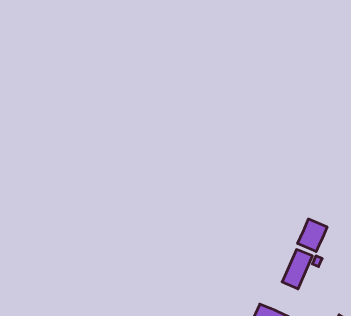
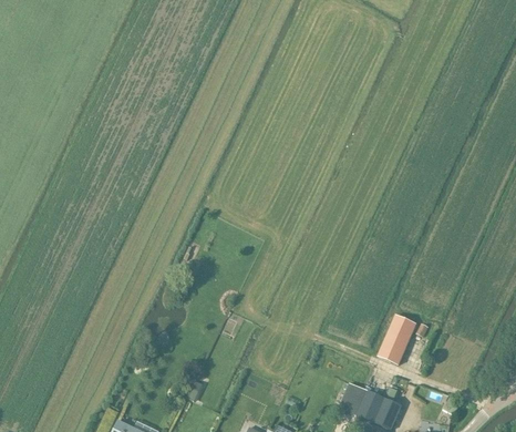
building: [298,219,327,252] -> none

